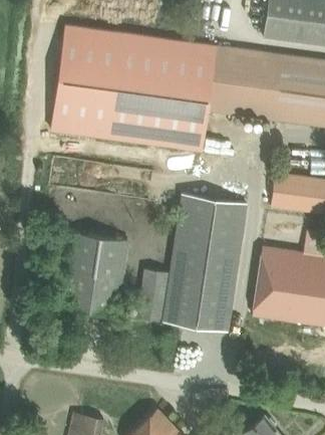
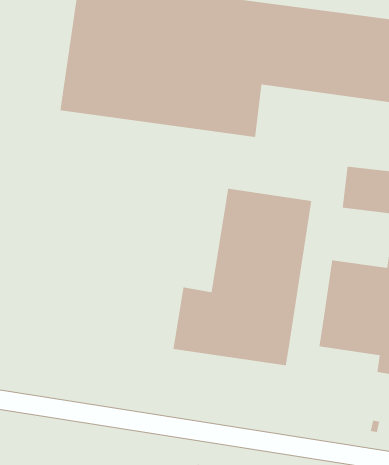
building: [60,232,127,313] -> none

